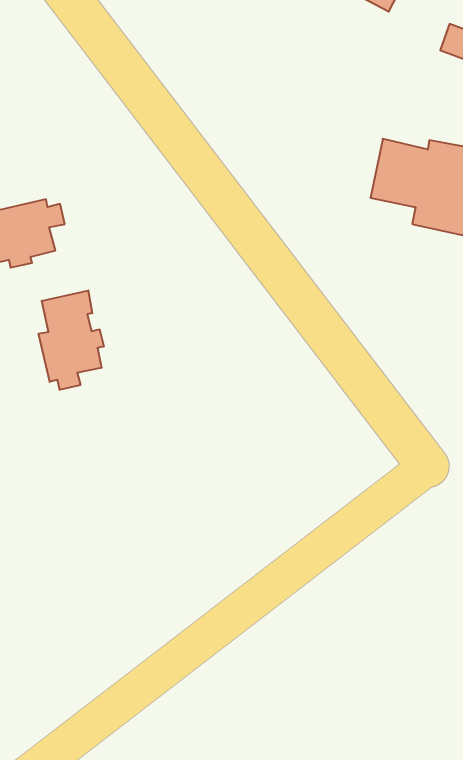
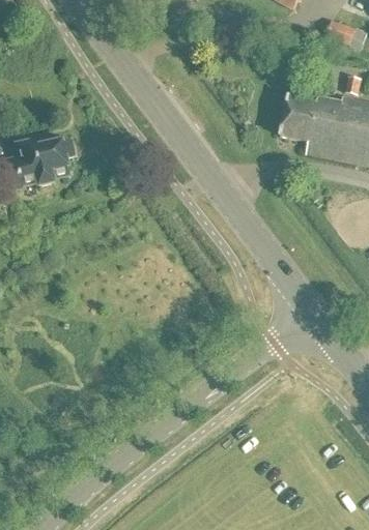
building: [39,290,104,390] -> none

